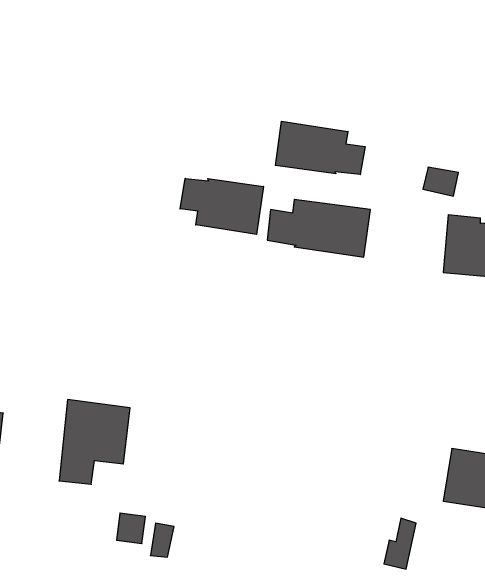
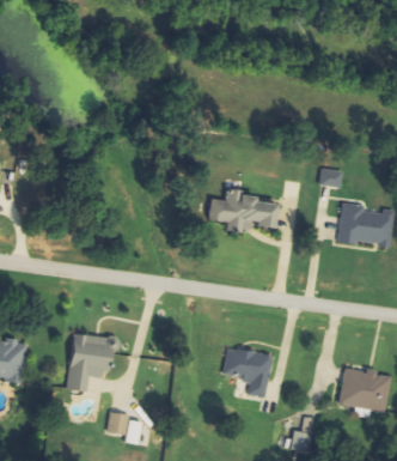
building: [275,121,365,175] -> none
building: [180,178,263,234] -> none
building: none -> [220,346,270,396]

